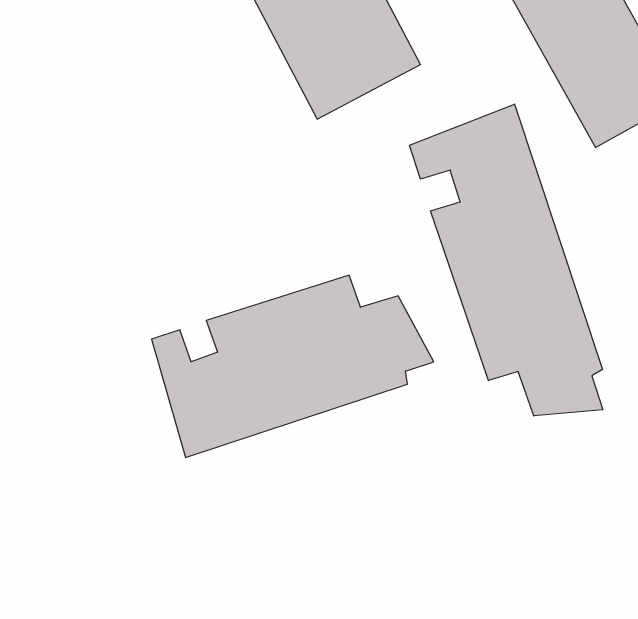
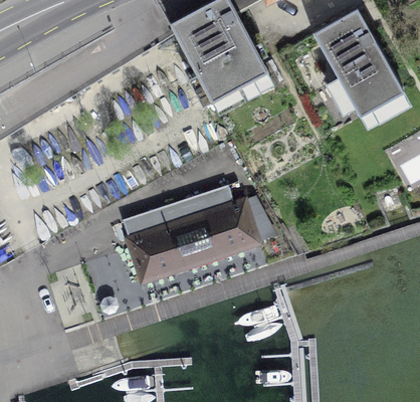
building: [409,104,603,416] -> none

